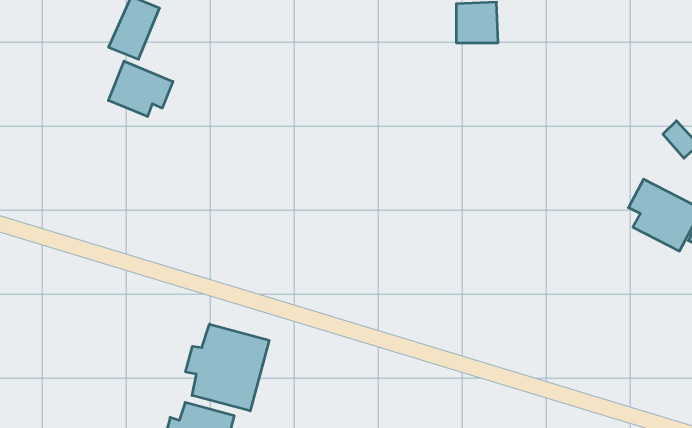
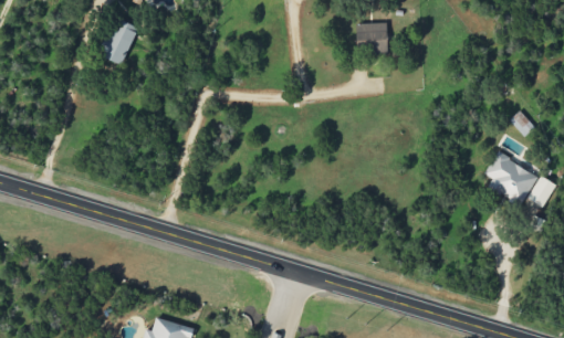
building: [108,61,173,117] -> none
building: [186,324,269,411] -> none

